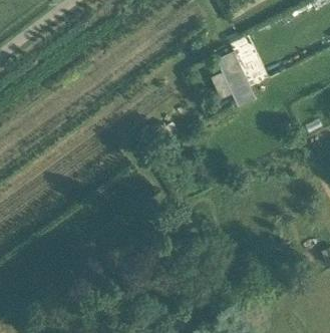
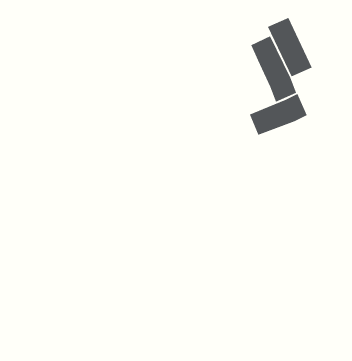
building: none -> [249,93,308,136]

